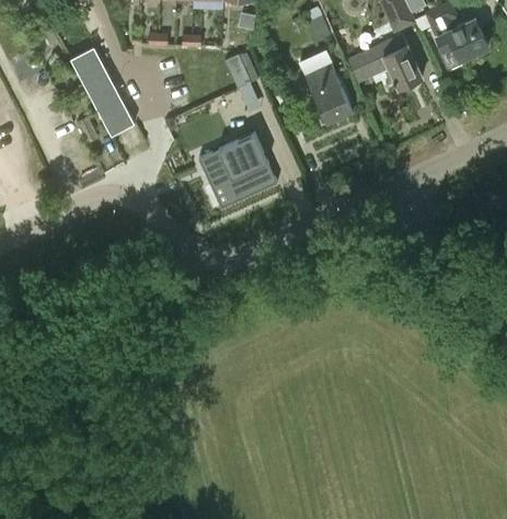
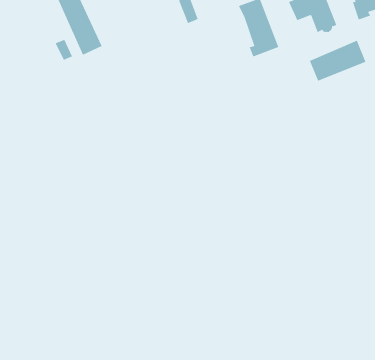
building: none -> [309,40,366,81]
building: [198,132,277,208] -> none

